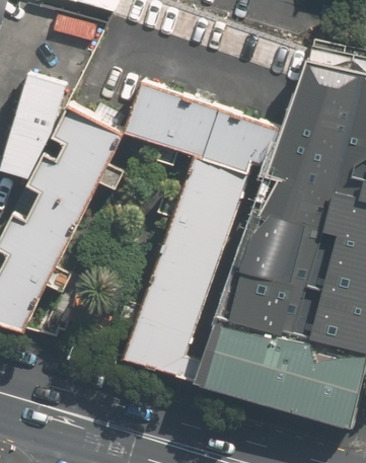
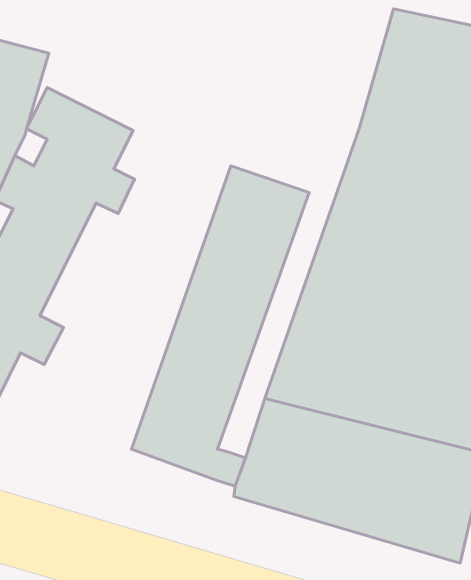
building: [127,84,282,176] -> none

